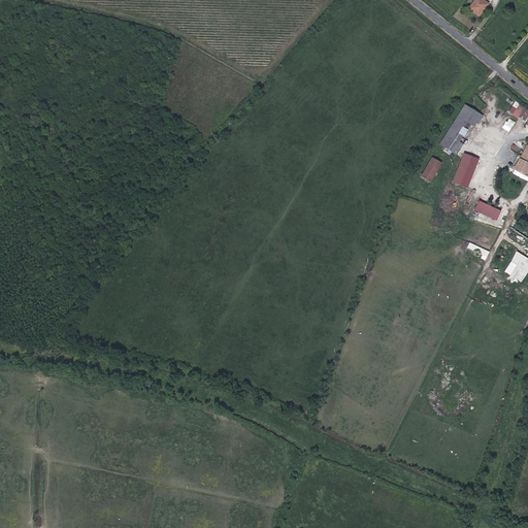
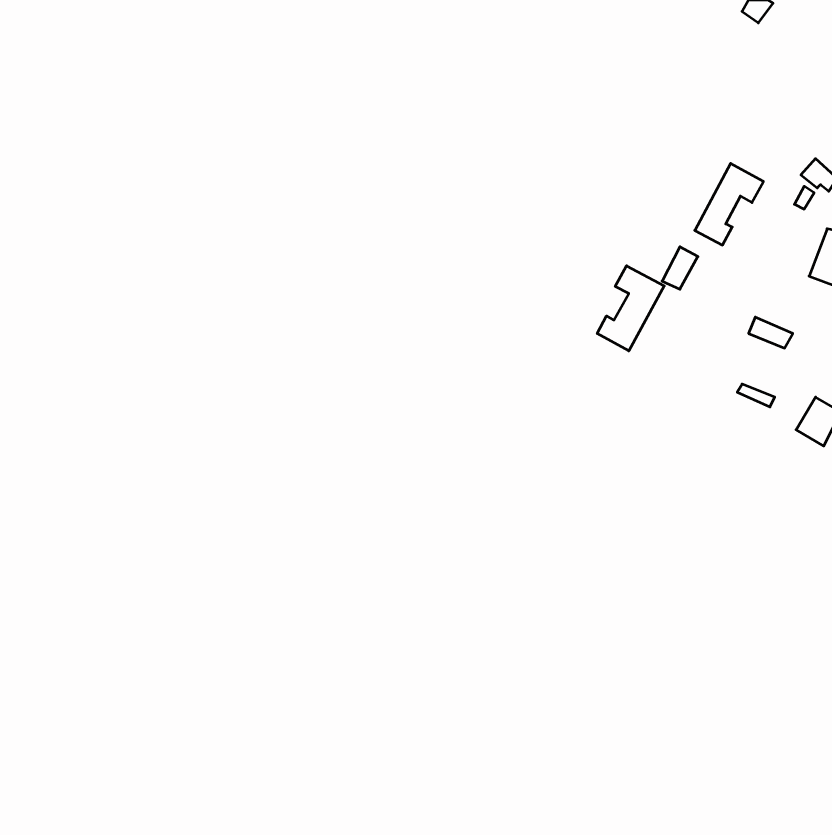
building: [453,153,480,188] -> none
building: none -> [597,266,664,351]

